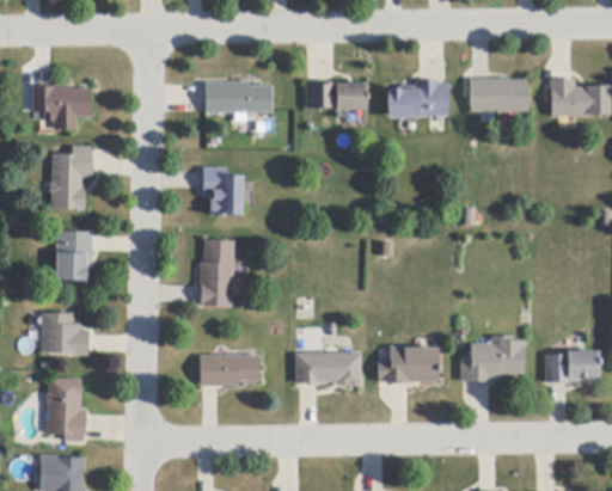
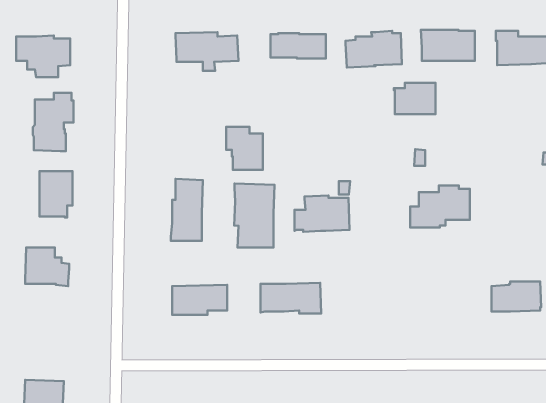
building: none -> [394,83,436,114]
building: [203,167,243,214] -> [226,127,263,170]
building: none -> [234,183,275,247]
building: [461,336,526,381] -> [410,186,470,228]
building: [379,344,439,383] -> [294,195,350,232]
building: [48,378,87,441] -> none

